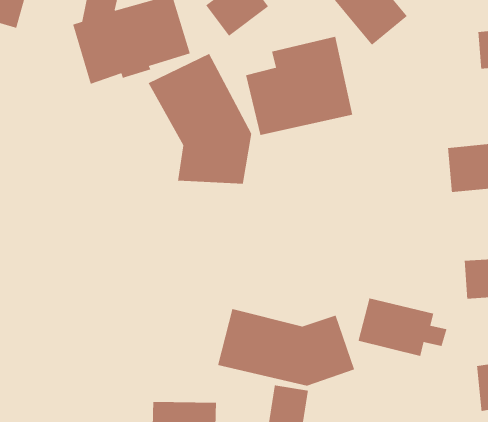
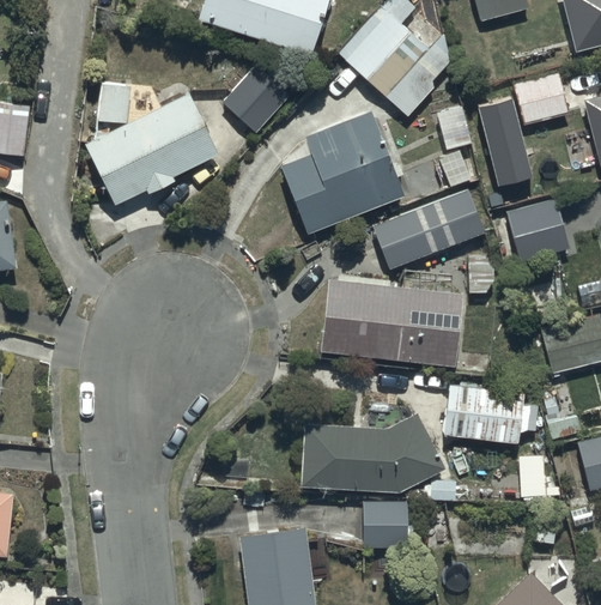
building: none -> [487,97,541,184]
building: [147,53,252,184] -> none
building: none -> [372,192,487,264]
building: none -> [317,280,461,365]

